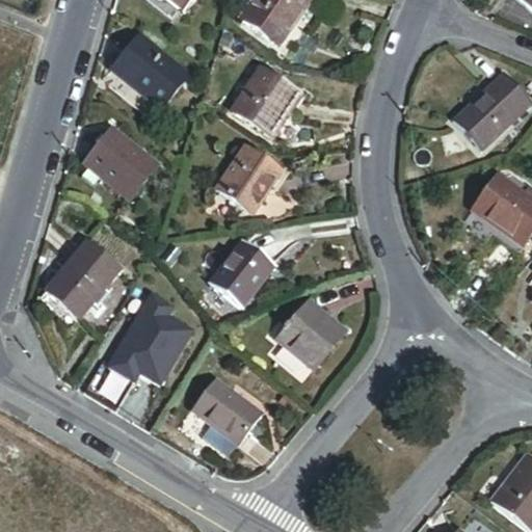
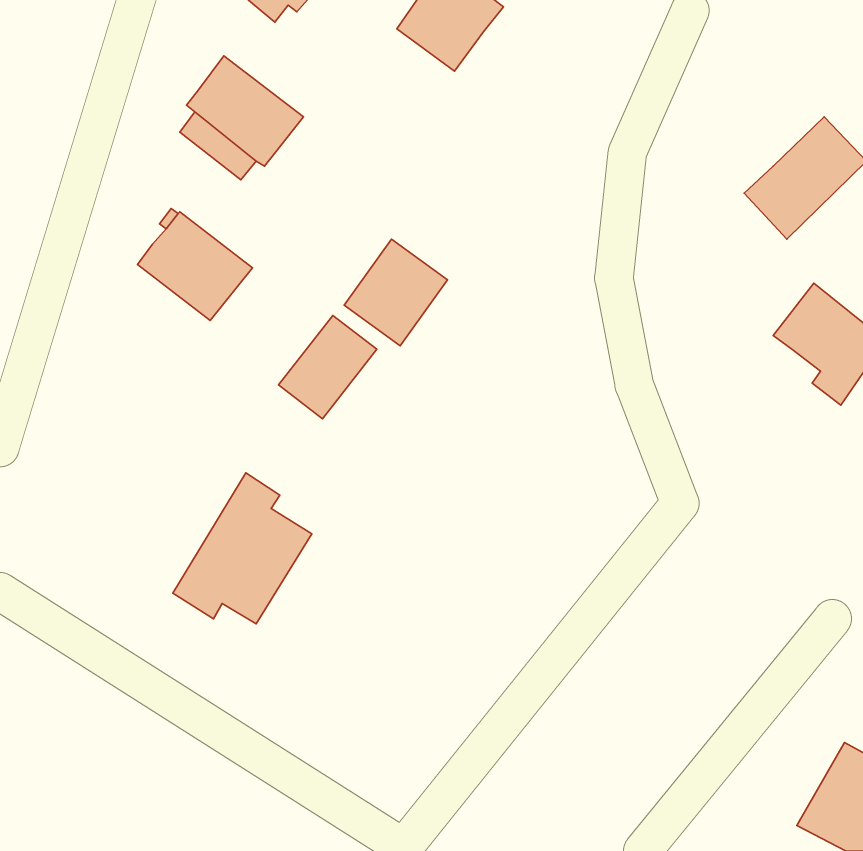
building: [234,73,298,138] -> none
building: [47,239,117,313] -> none
building: [216,241,276,304] -> [278,315,377,419]
building: [278,301,343,365] -> none
building: [193,378,261,443] -> none

